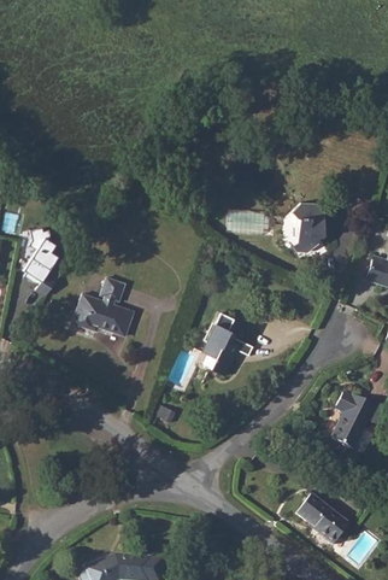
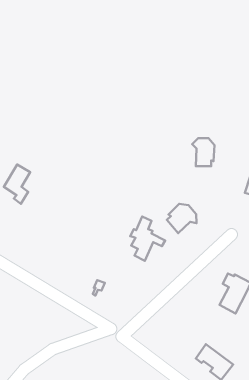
building: [71,277,133,335] -> none
building: none -> [167,204,196,233]

